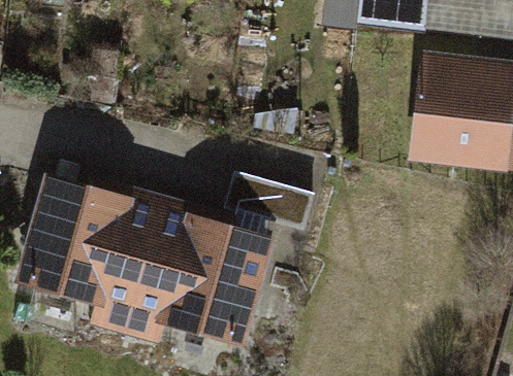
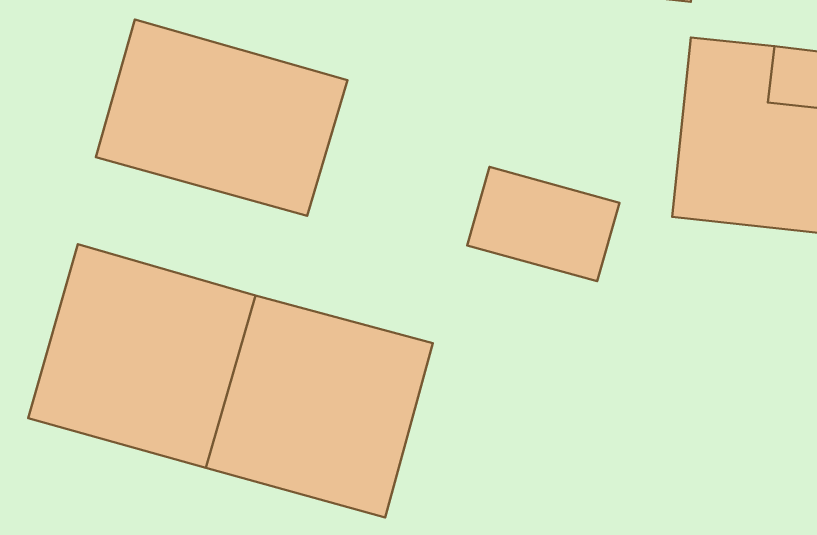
building: none -> [96,19,347,216]
building: [226,173,318,242] -> [467,167,619,281]

